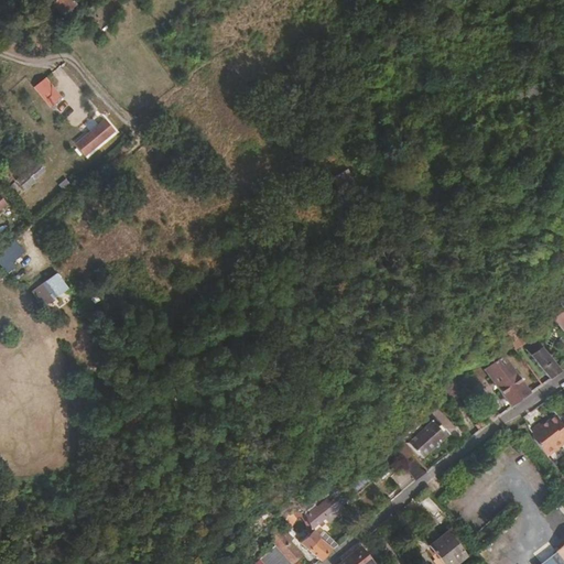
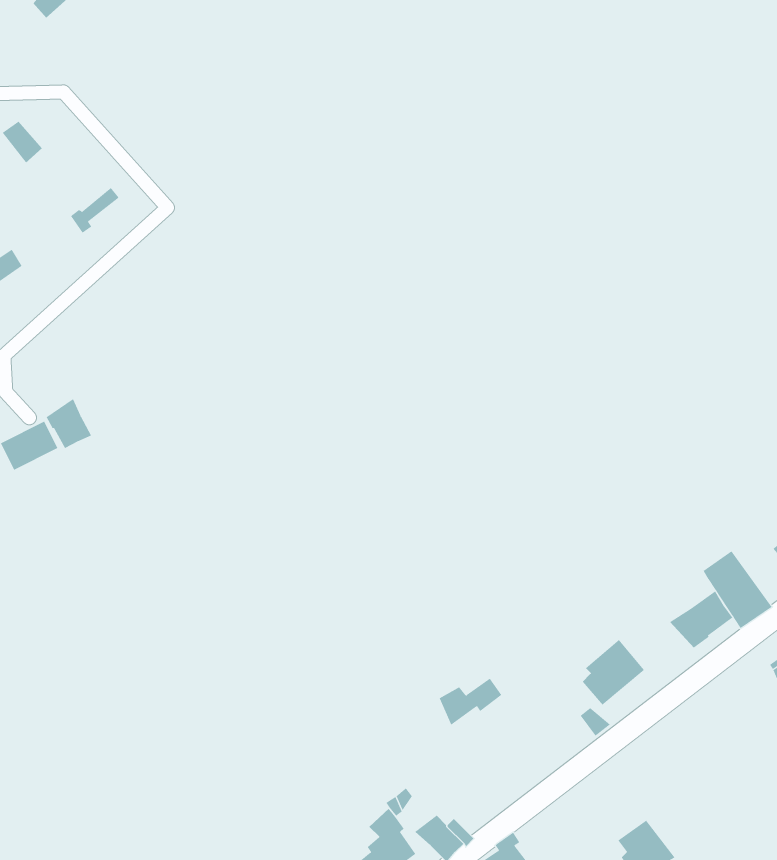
building: none -> [46,398,92,449]
building: none -> [669,590,733,648]
building: [303,498,344,529] -> [439,678,502,726]

